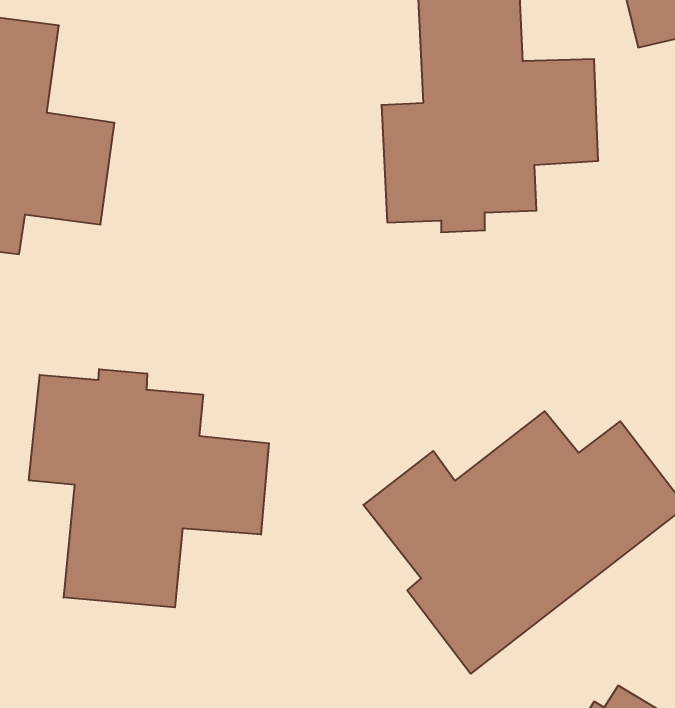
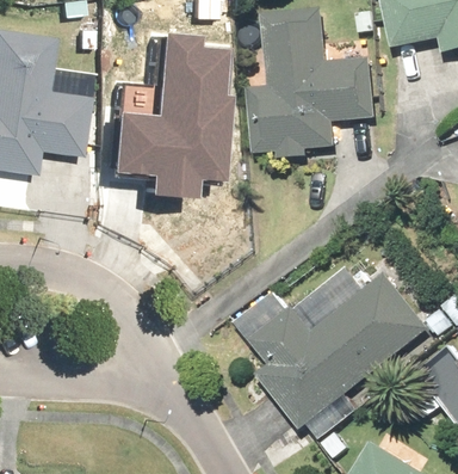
building: none -> [106,38,227,180]
building: [29,369,269,607] -> none

